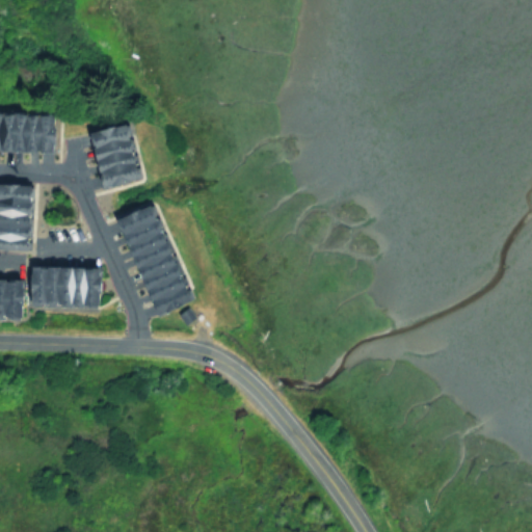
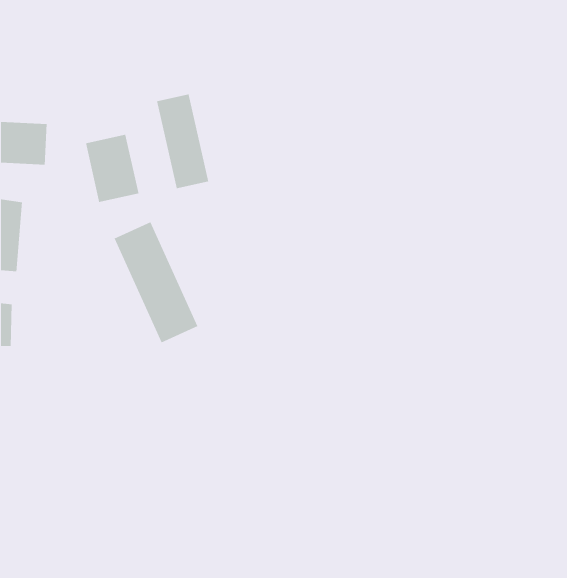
building: none -> [156,94,209,189]
building: [30,266,107,305] -> none

